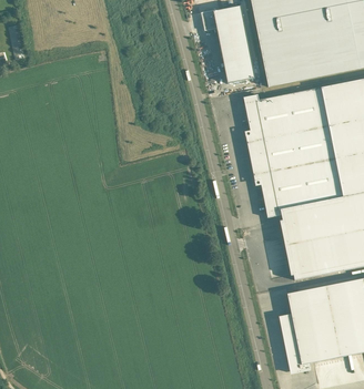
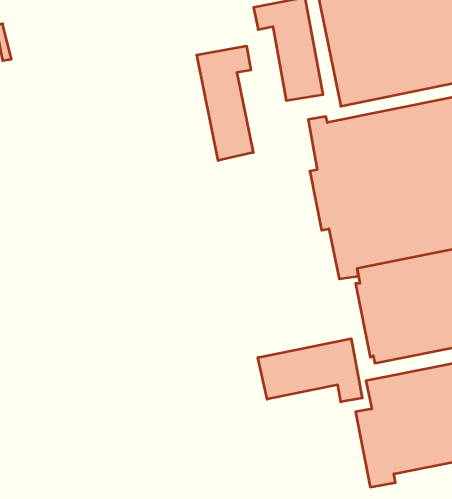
building: none -> [197,46,253,161]
building: none -> [258,339,362,402]

